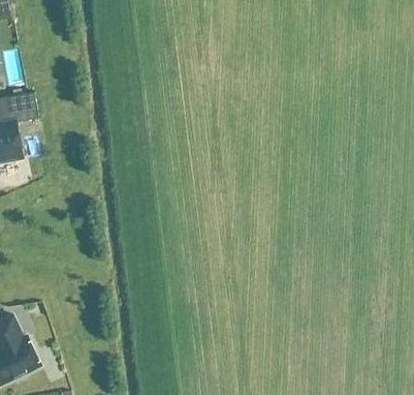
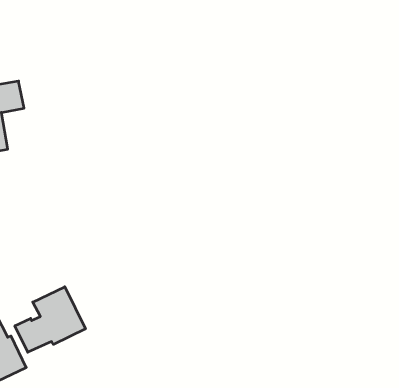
building: none -> [15,287,85,352]

